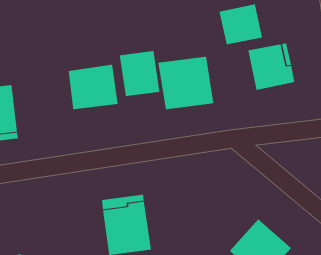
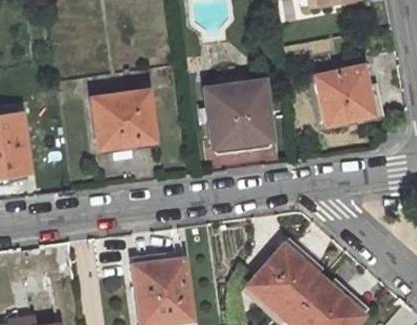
building: [219,4,262,45] -> none
building: [119,50,160,97] -> none
building: none -> [250,244,324,319]

